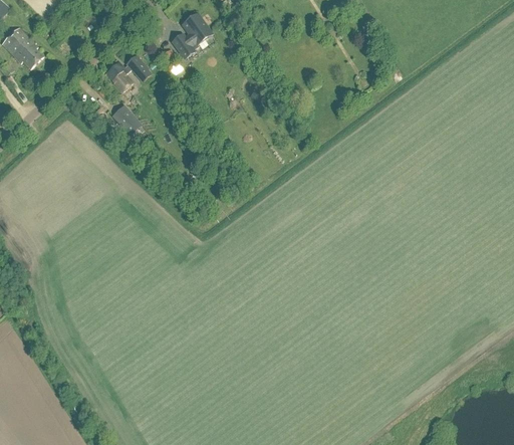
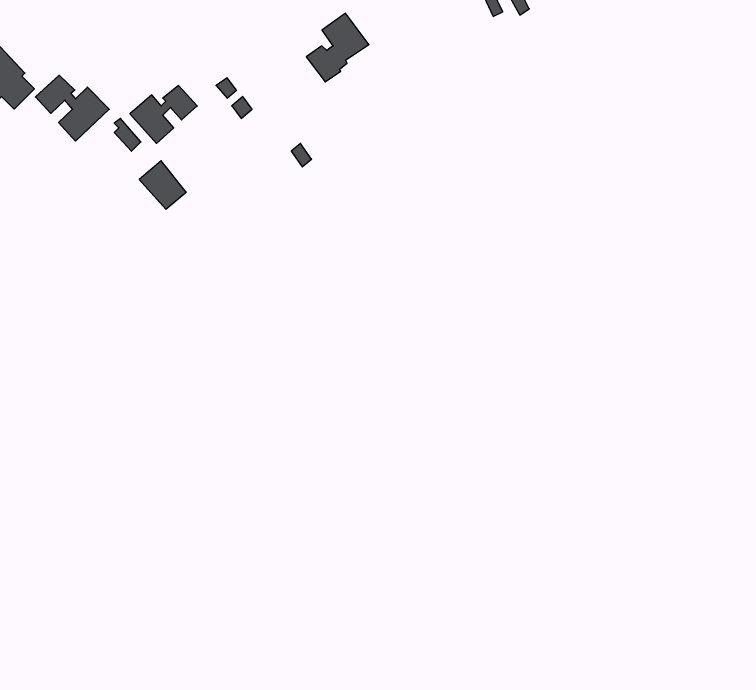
building: [172,13,212,57] -> [306,13,369,82]
building: none -> [35,75,109,141]

